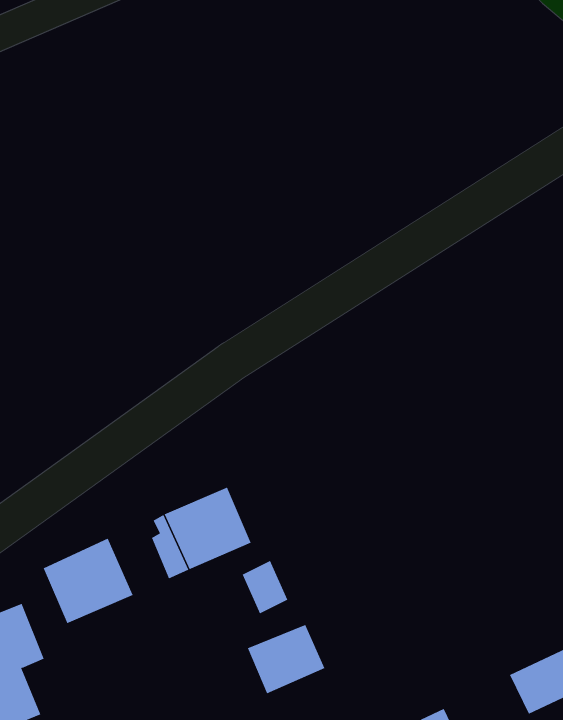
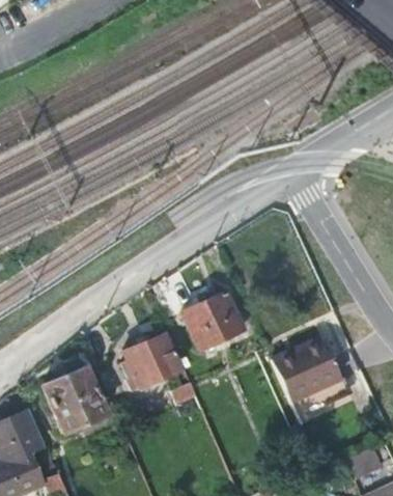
building: none -> [183,291,245,352]
building: none -> [276,338,342,403]
building: [247,624,325,694] -> none

